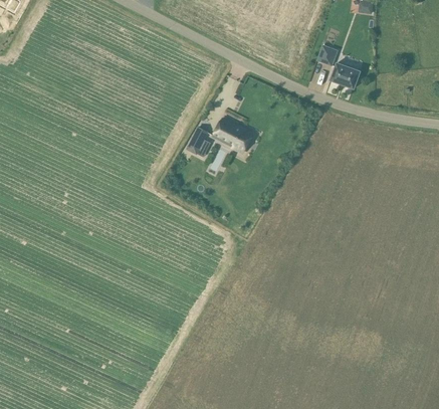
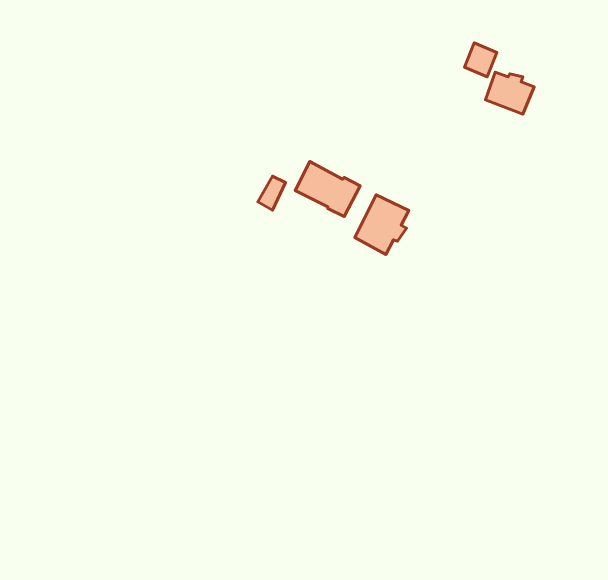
building: none -> [355,195,409,254]

